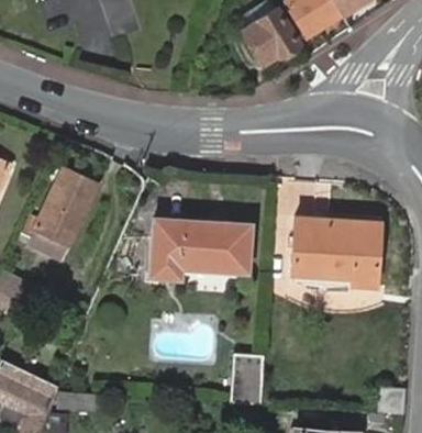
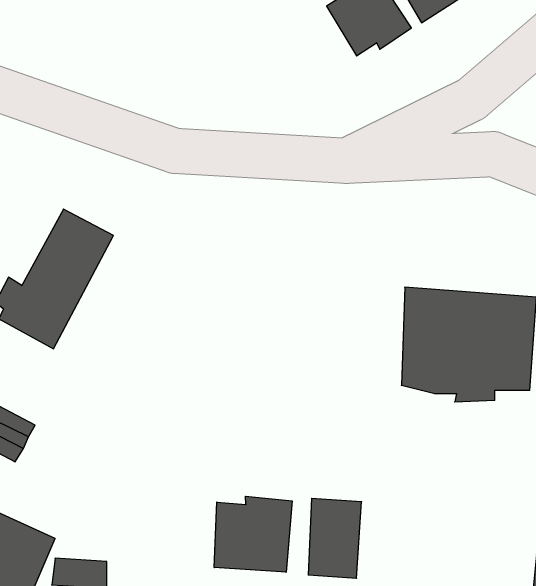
building: [149,216,249,277] -> none
building: none -> [214,496,292,572]

